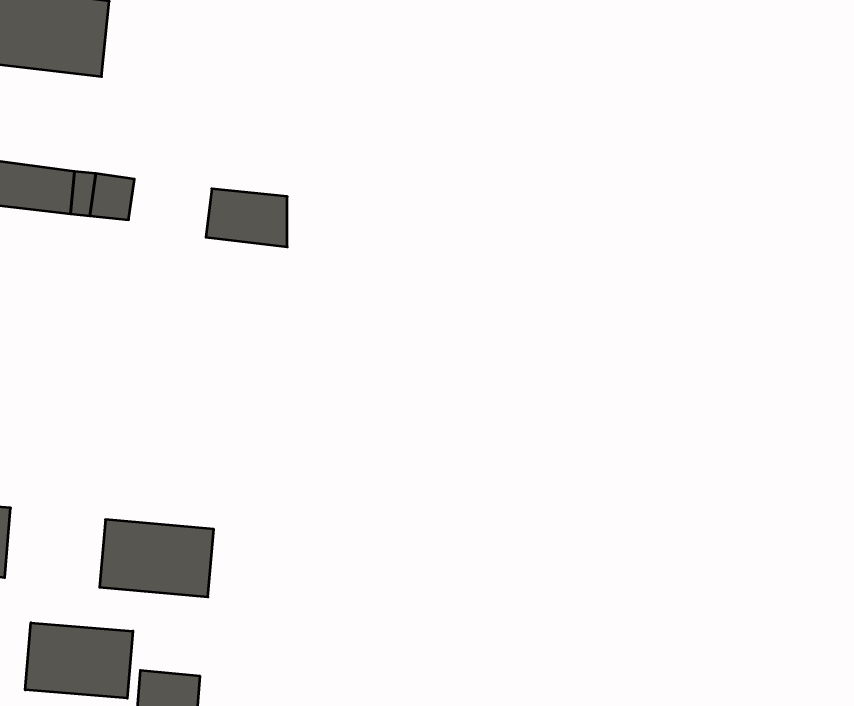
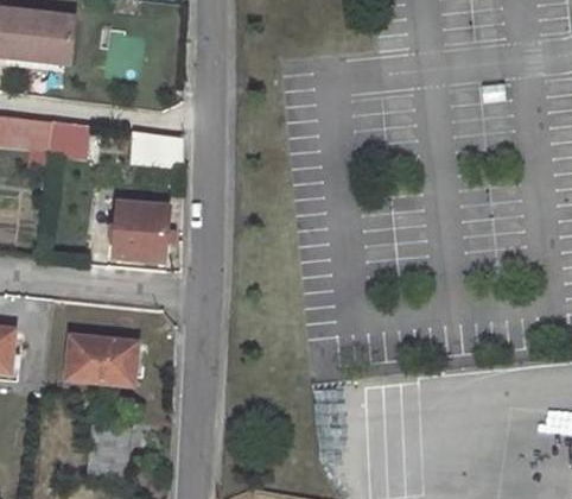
building: none -> [114,203,169,261]
building: [25,623,133,698] -> none

